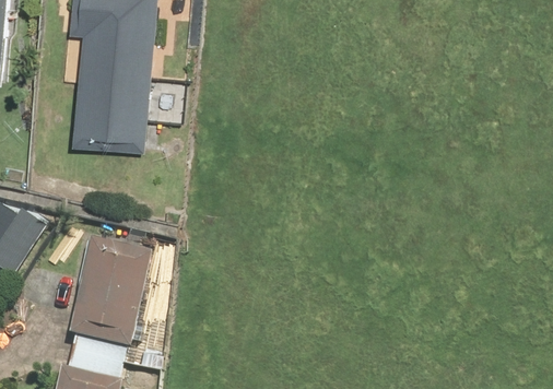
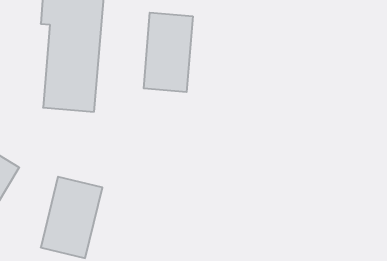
building: none -> [144,13,193,92]

